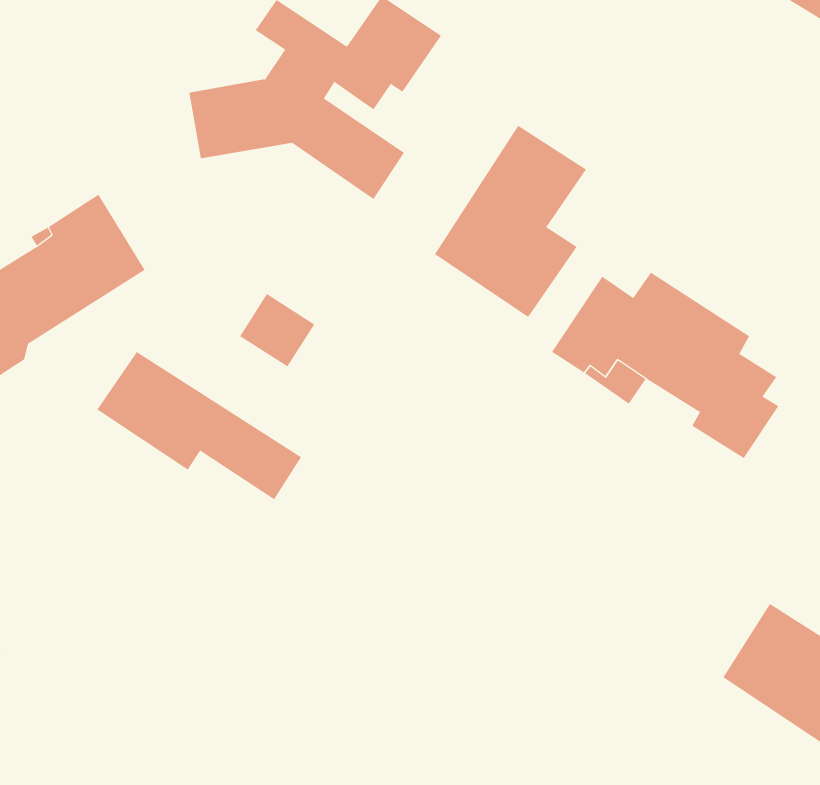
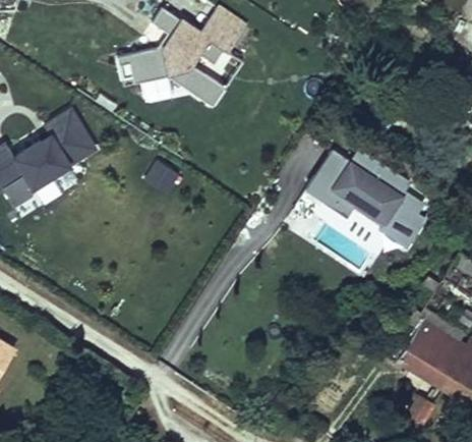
building: [434,125,587,318] -> none
building: [96,351,302,500] -> none

